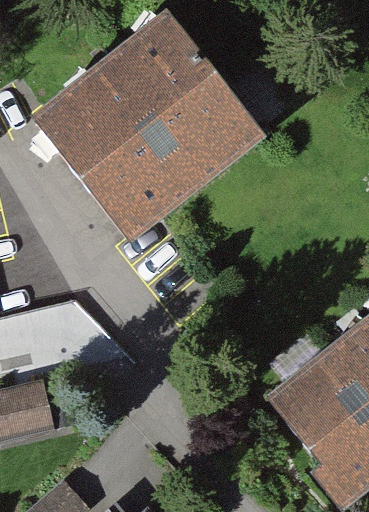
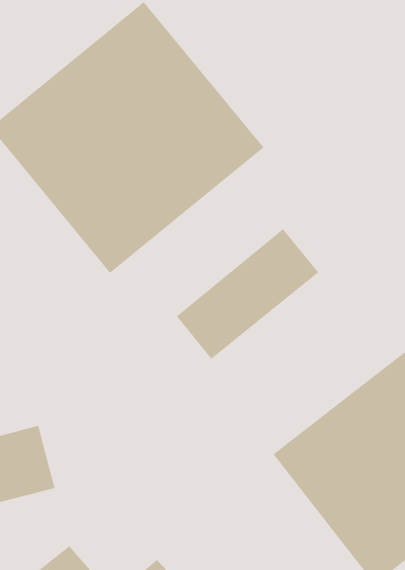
building: none -> [176,228,319,360]

